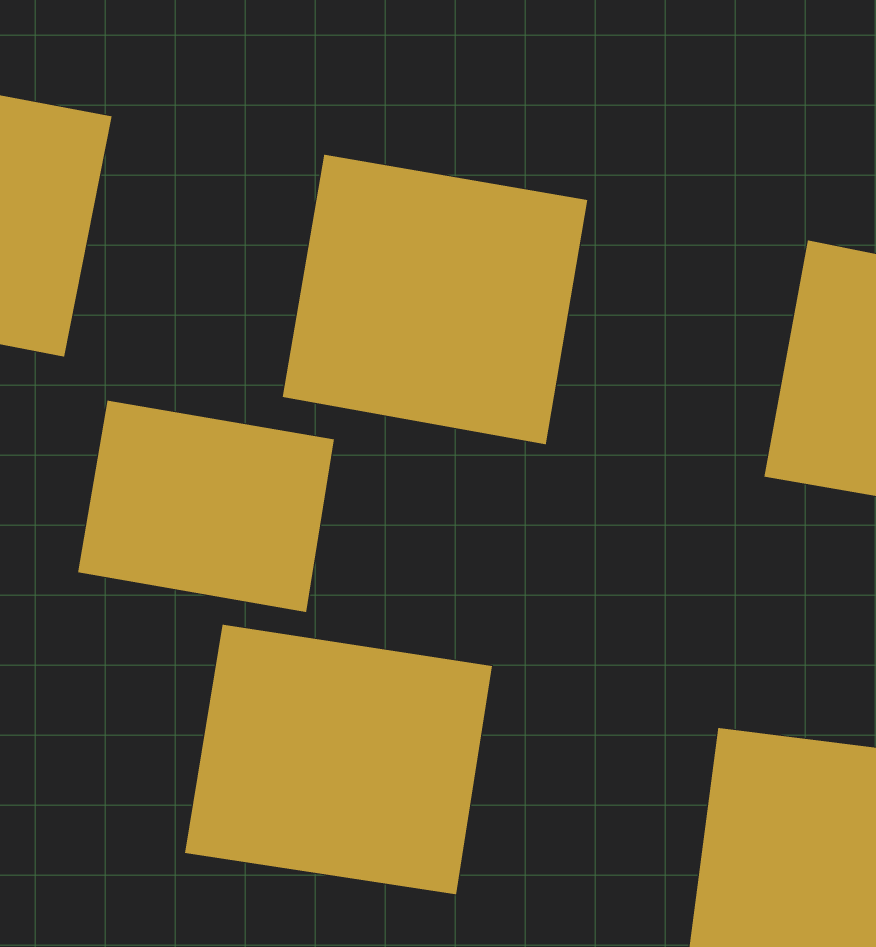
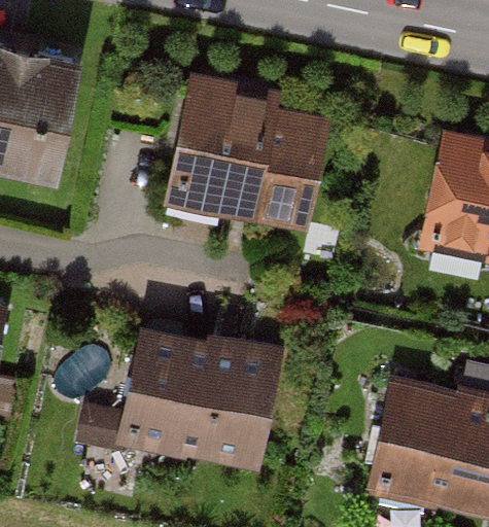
building: [77,400,334,613] -> none

